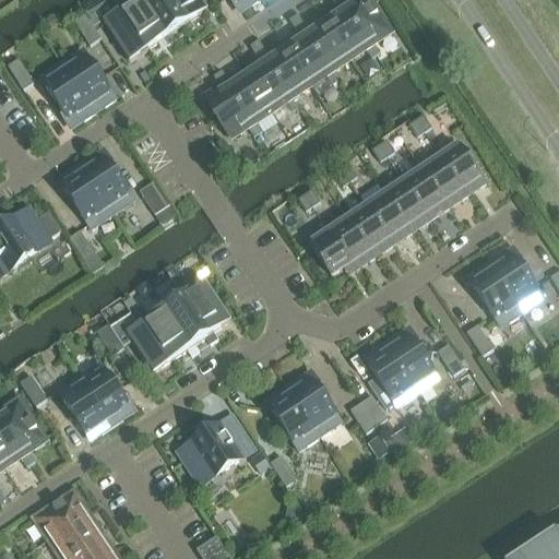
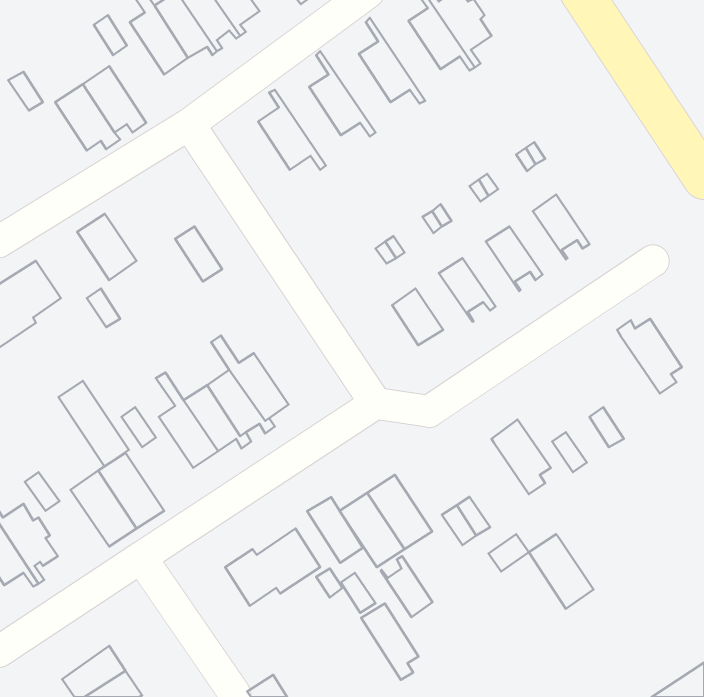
building: [293,11,348,80] -> none
building: [253,37,309,105] -> none
building: [217,68,270,131] -> none
building: [440,142,485,193] -> none
building: [79,154,130,206] -> none
building: [403,167,448,217] -> none
building: [366,191,411,242] -> none
building: [329,216,373,261] -> none
building: [471,266,522,320] -> none
building: none -> [58,381,129,466]
building: [367,347,418,406] -> [529,534,594,609]
building: none -> [307,497,363,563]
building: none -> [381,556,433,617]
building: none -> [361,603,419,680]
building: [35,486,86,537] -> none

